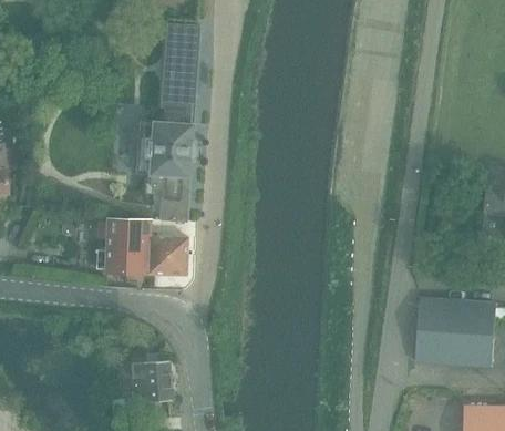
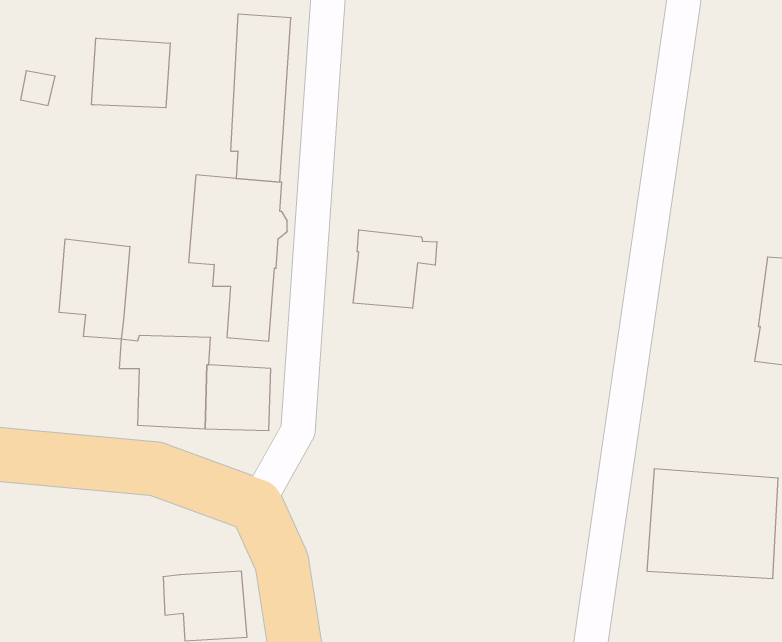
building: none -> [92,38,170,108]
building: none -> [353,230,437,308]
building: none -> [59,239,130,339]

